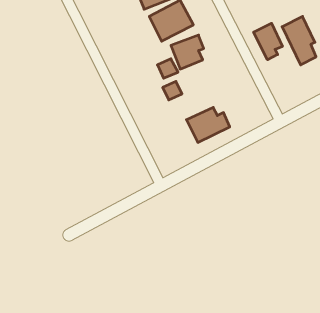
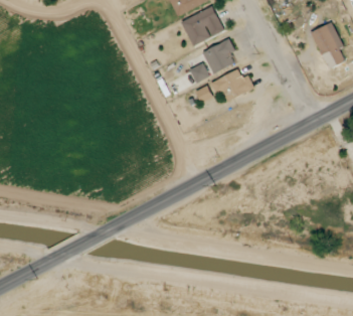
building: [254,23,282,60] -> none
building: [186,107,230,142] -> [211,69,253,104]

